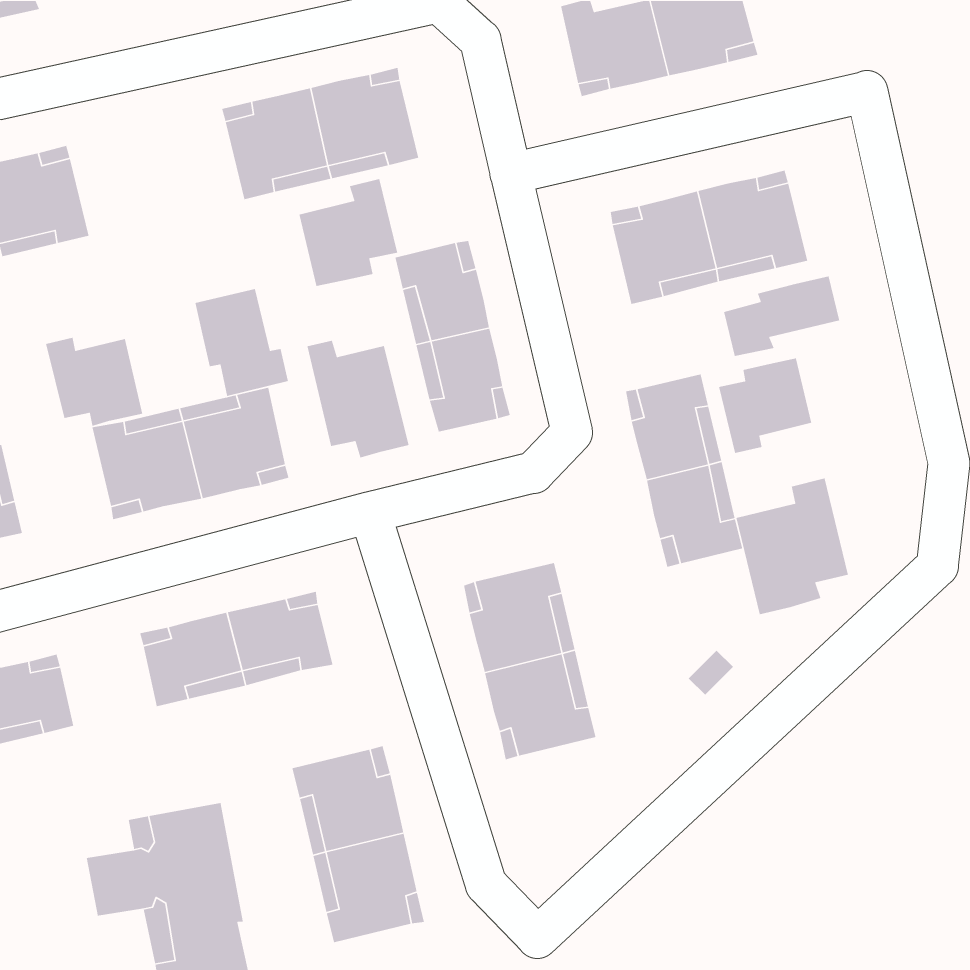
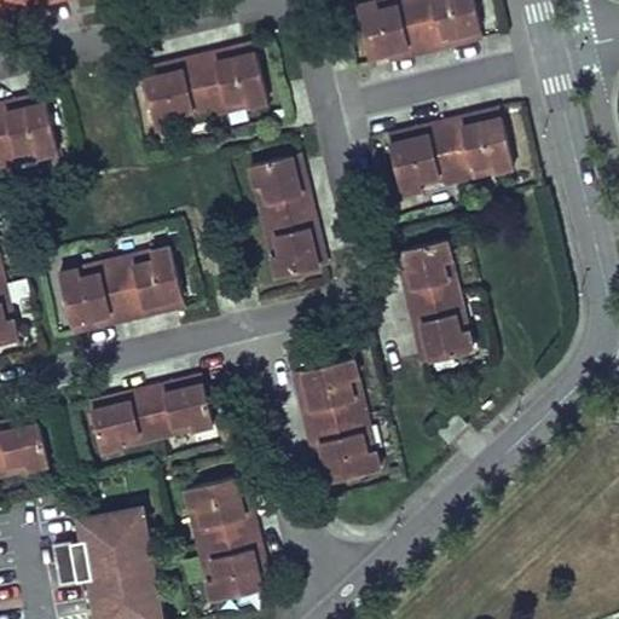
building: [299,178,398,287] -> none
building: [723,275,840,357] -> none
building: [195,288,289,397] -> none
building: [45,337,143,427] -> none
building: [307,340,410,458] -> none
building: [718,357,812,454] -> none
building: [736,478,849,615] -> none

